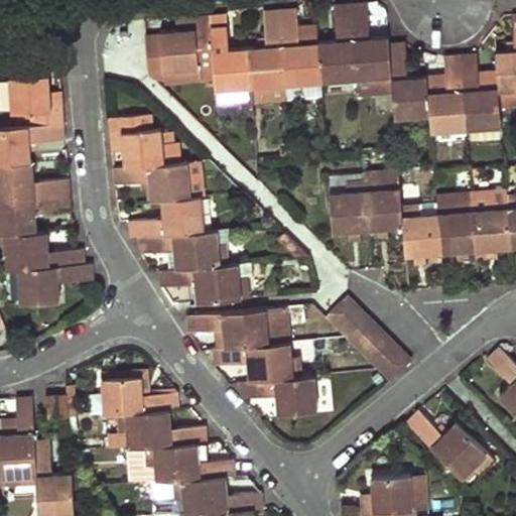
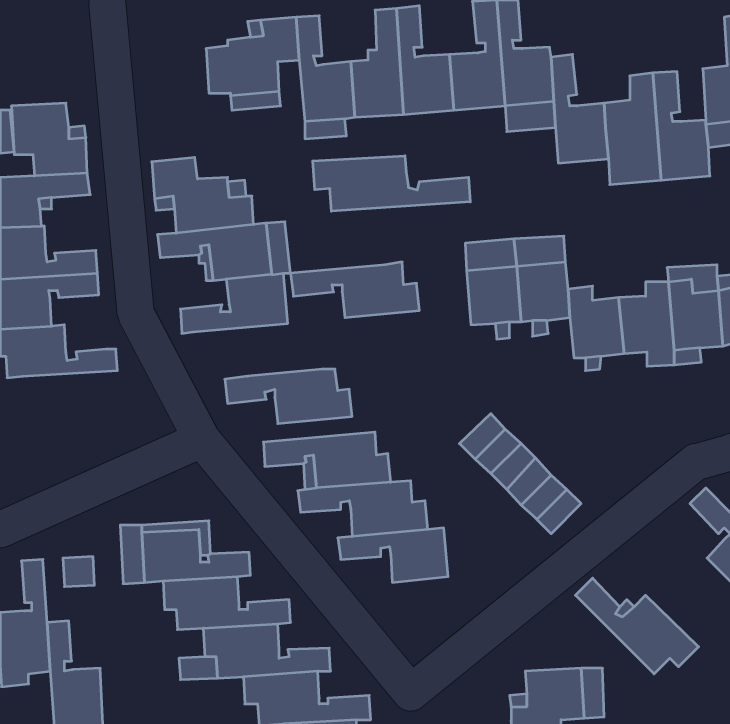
building: none -> [313,156,470,211]
building: [137,231,228,270] -> [291,262,419,318]
building: [17,265,93,305] -> none

